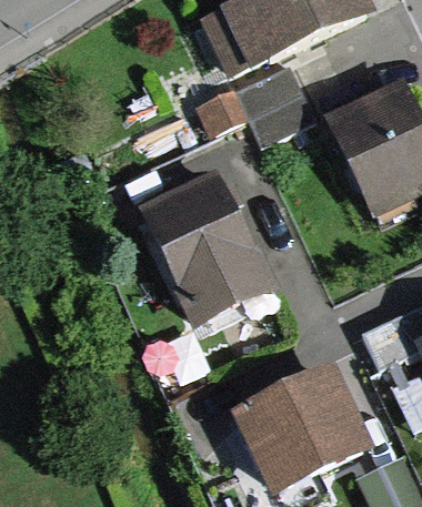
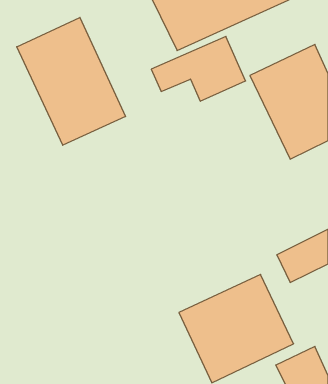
building: none -> [17,17,125,145]
building: [137,171,273,325] -> none

